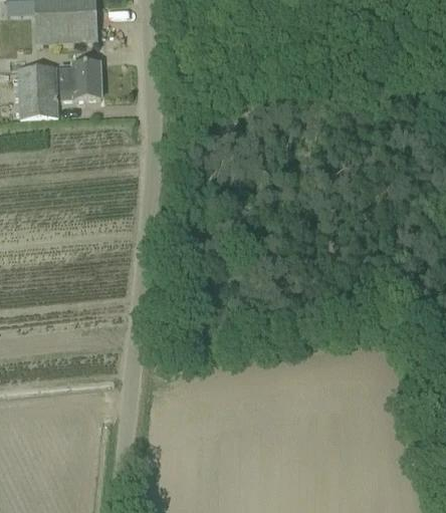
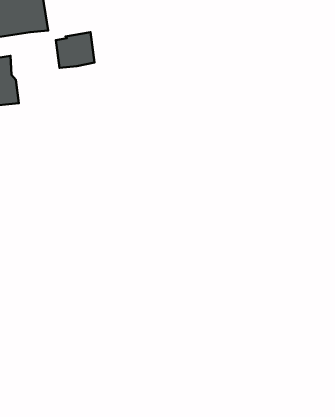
building: [61,61,101,97] -> [56,32,95,68]

